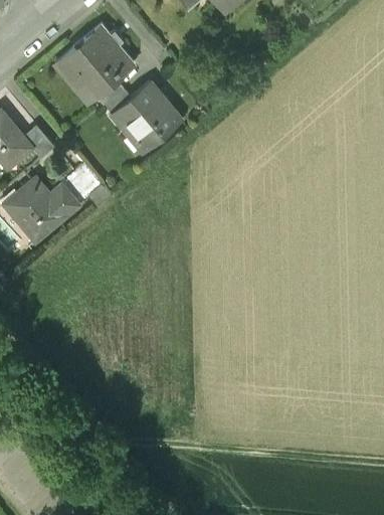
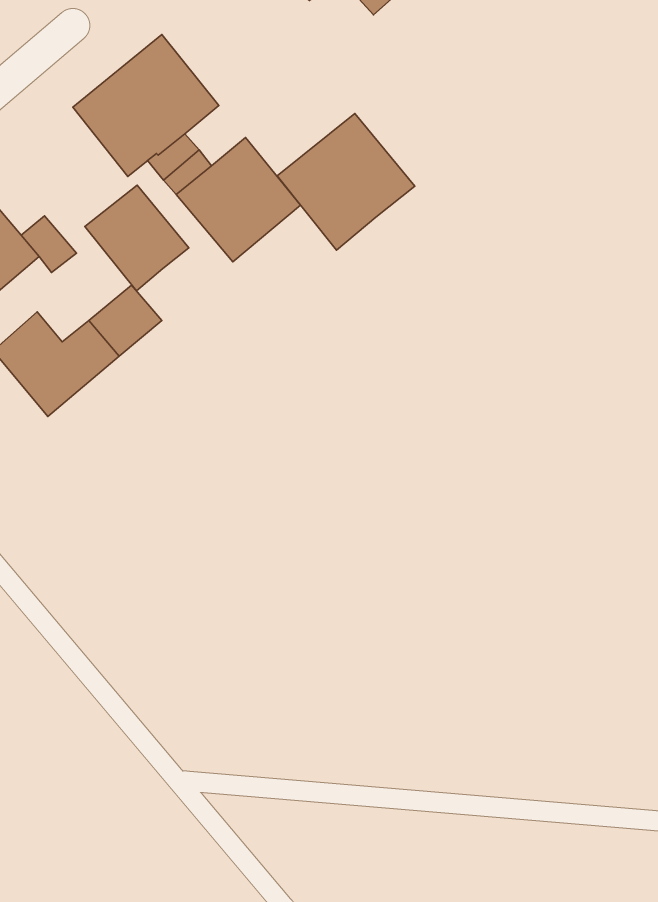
building: none -> [277,114,415,250]
building: none -> [85,185,189,291]

